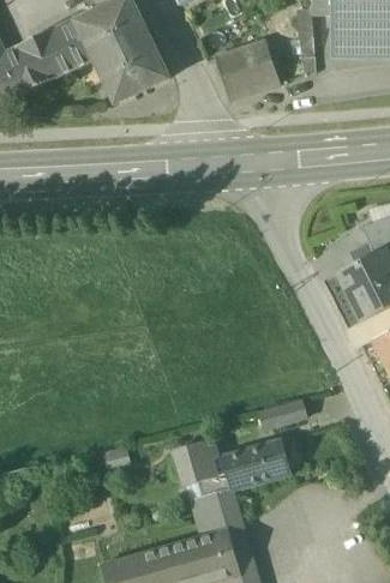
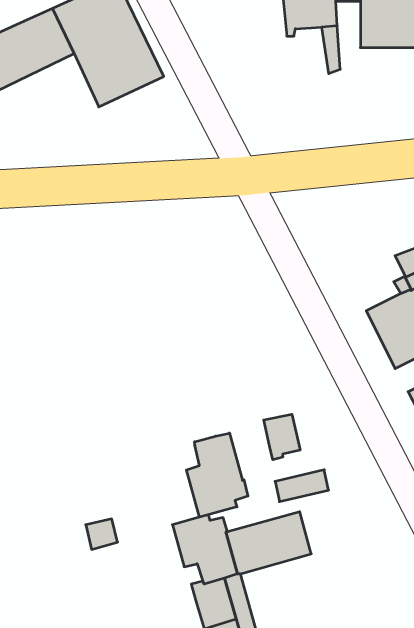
building: [218,40,280,98] -> none
building: none -> [264,414,300,460]
building: none -> [186,433,248,517]

